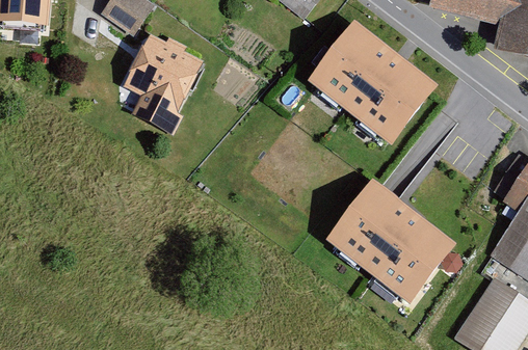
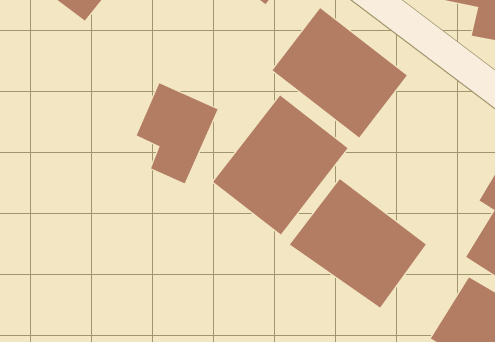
building: [125,35,203,131] -> [136,83,218,184]
building: none -> [212,95,349,236]

